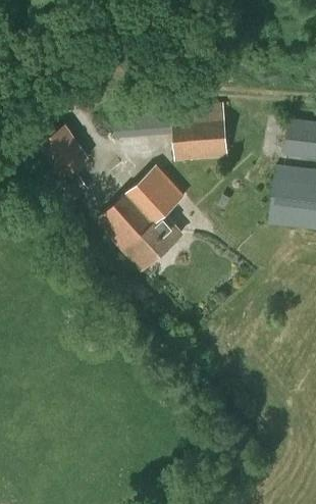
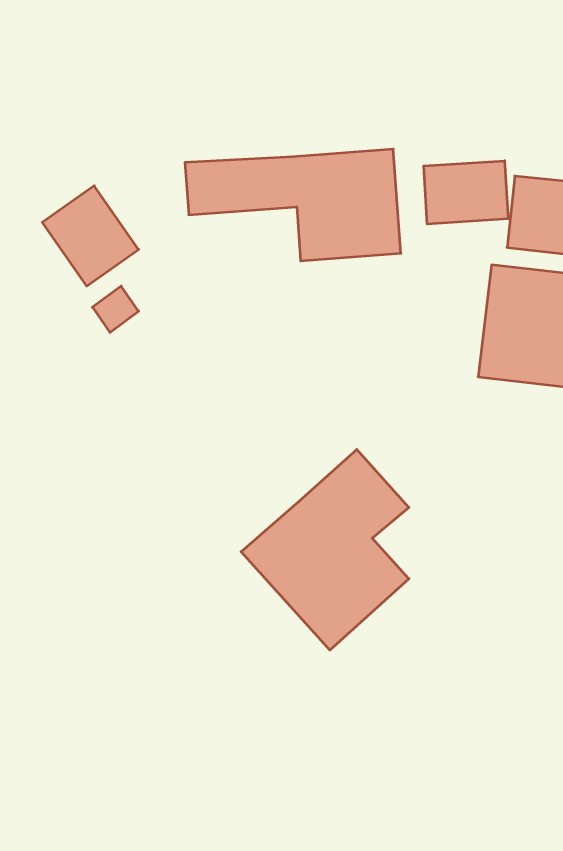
building: none -> [424,161,508,224]
building: [95,165,183,271] -> [241,449,409,650]

